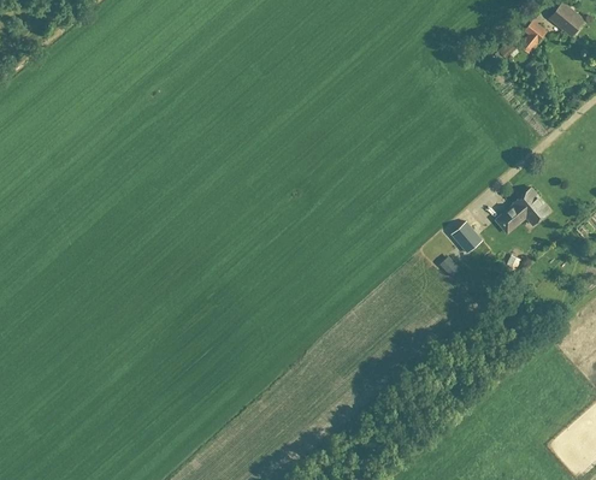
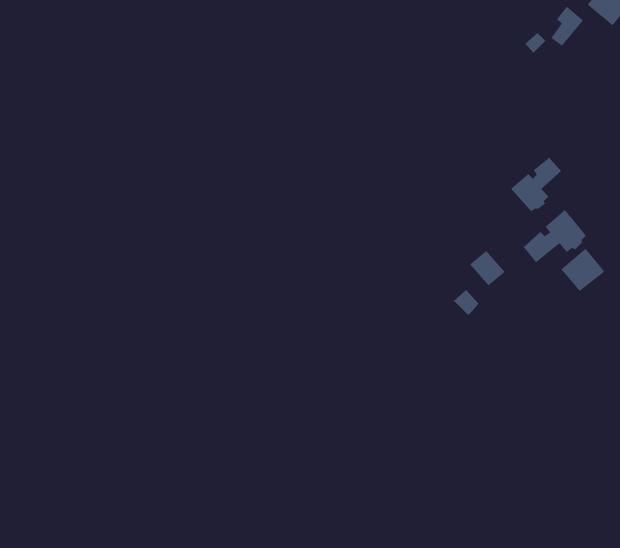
building: none -> [510,157,562,212]
building: none -> [560,248,605,292]

